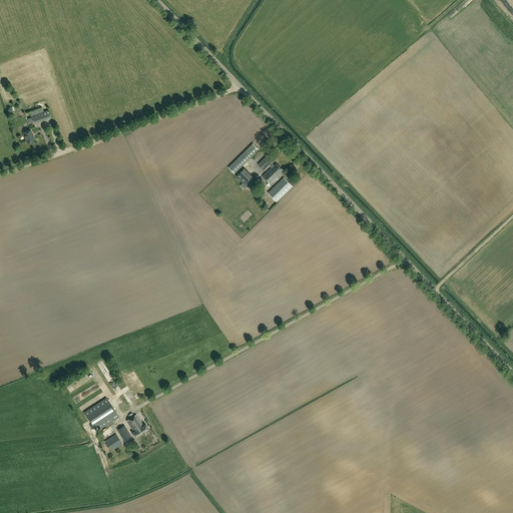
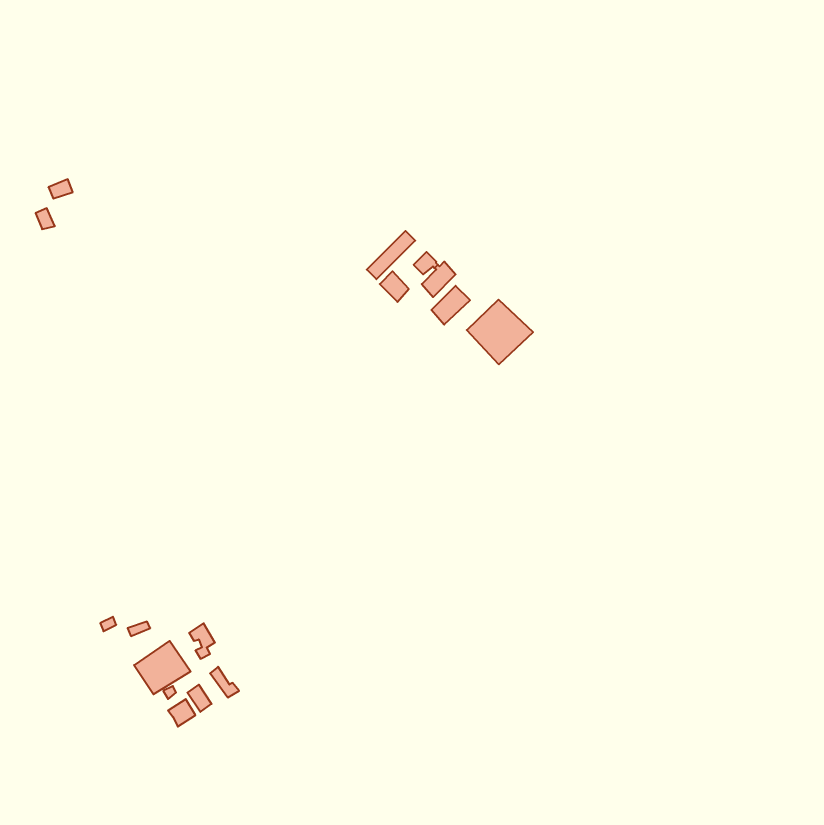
building: none -> [467,300,533,364]

